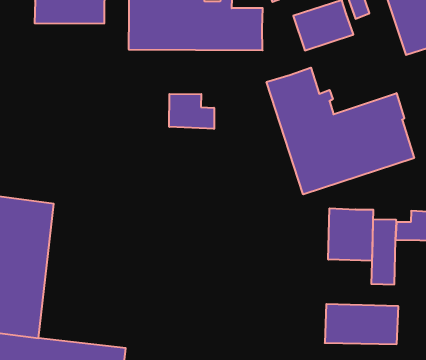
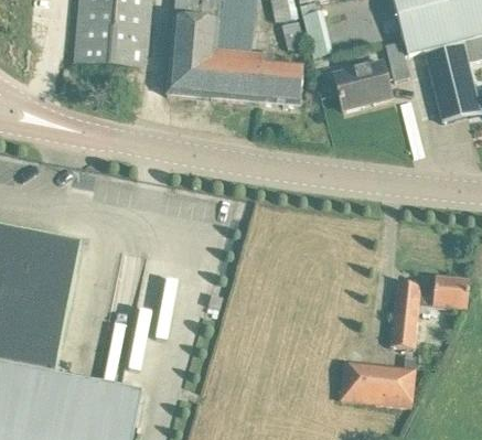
building: [267,68,414,194] -> none
building: [169,94,214,129] -> none
building: [328,208,373,261] -> none

